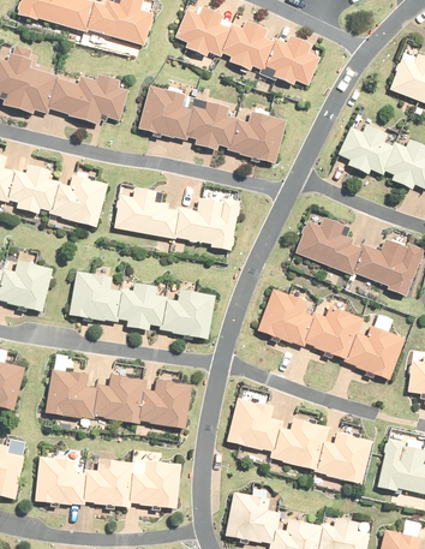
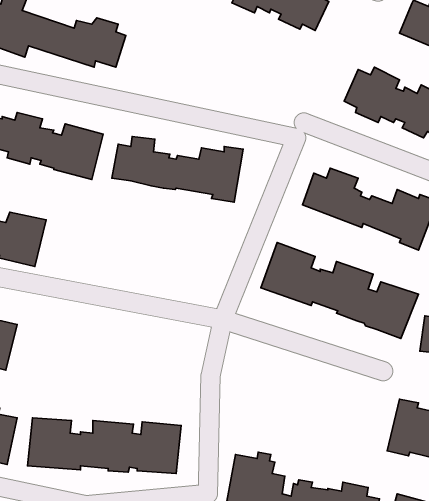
building: [137,85,286,166] -> none
building: [67,269,215,339] -> none
building: [43,366,191,429] -> none
building: [226,396,372,483] -> none

